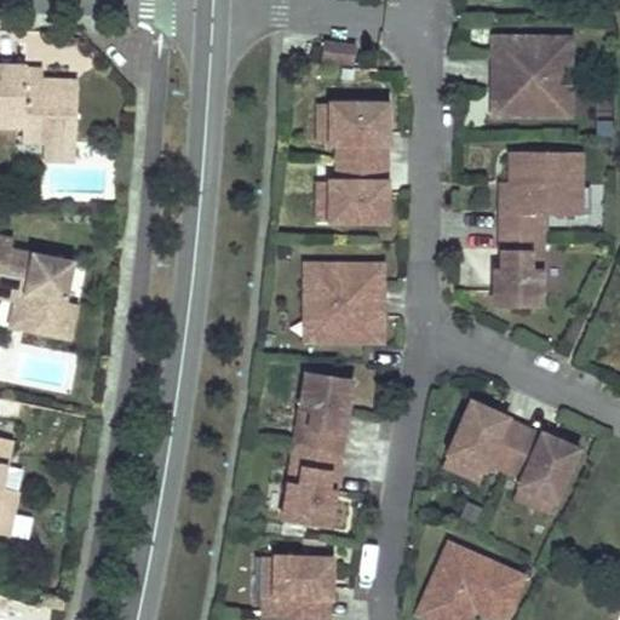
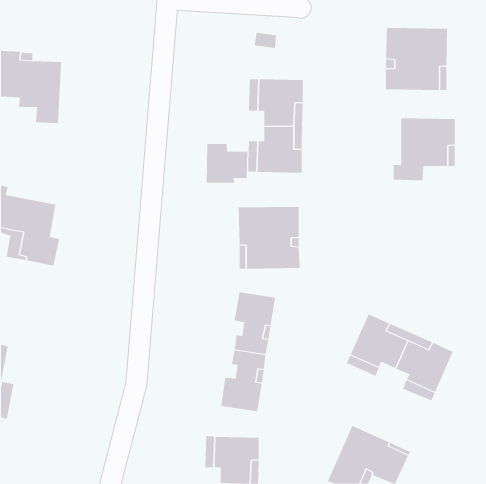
building: none -> [206,143,248,183]
building: [494,229,542,305] -> none

